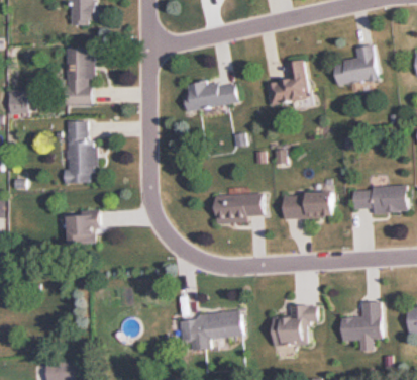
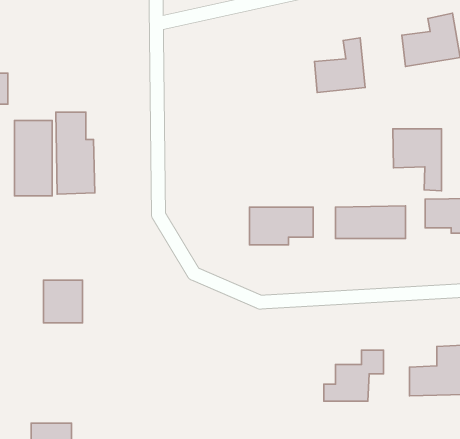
building: [65,48,94,106] -> [15,120,52,196]
building: [182,80,238,110] -> none
building: none -> [393,129,441,191]
building: [69,211,99,245] -> [43,280,82,323]
building: [179,311,244,352] -> none

